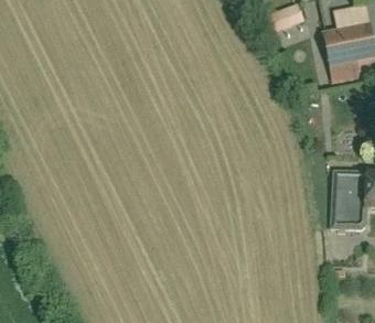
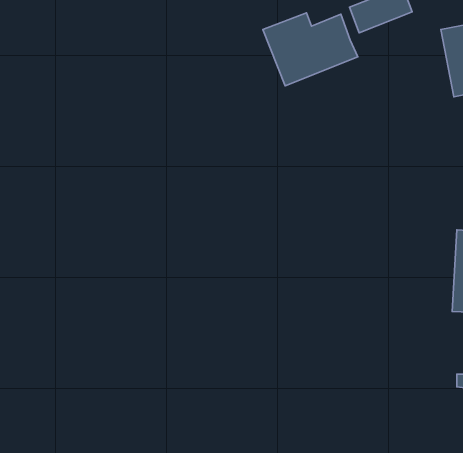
building: none -> [263,13,358,86]

